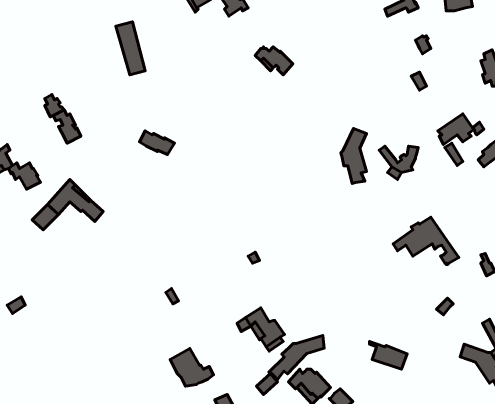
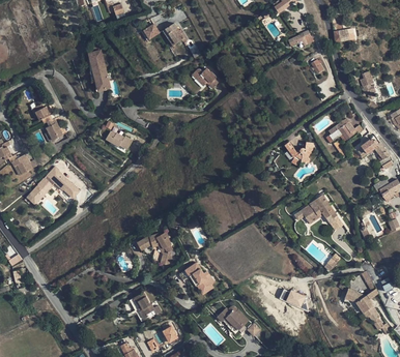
building: [341,129,367,184] -> none
building: none -> [137,232,172,264]
building: [269,336,324,379] -> none

